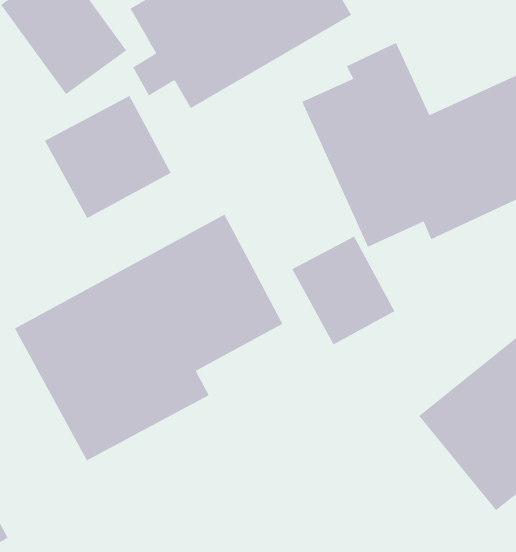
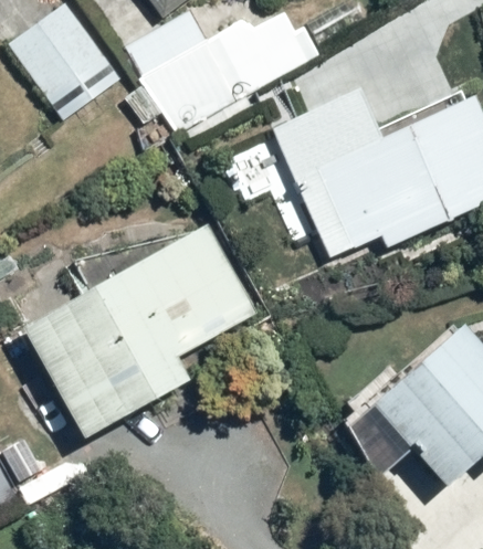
building: [44,95,172,219] -> none
building: [291,235,395,345] -> none

